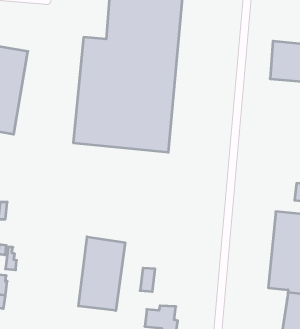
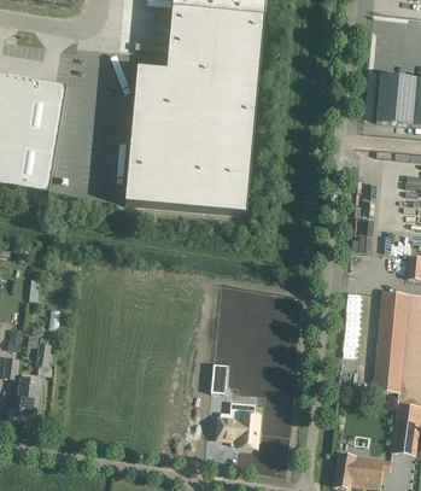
building: [78,237,125,311] -> none

